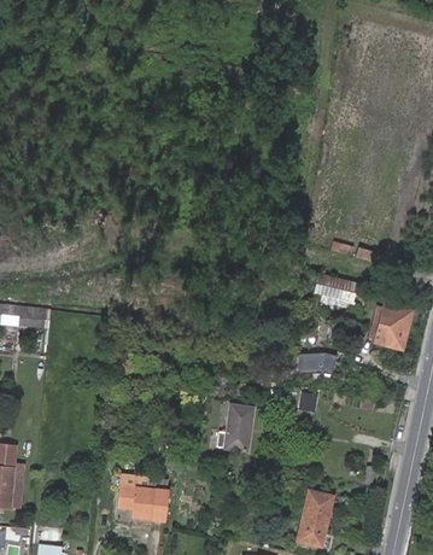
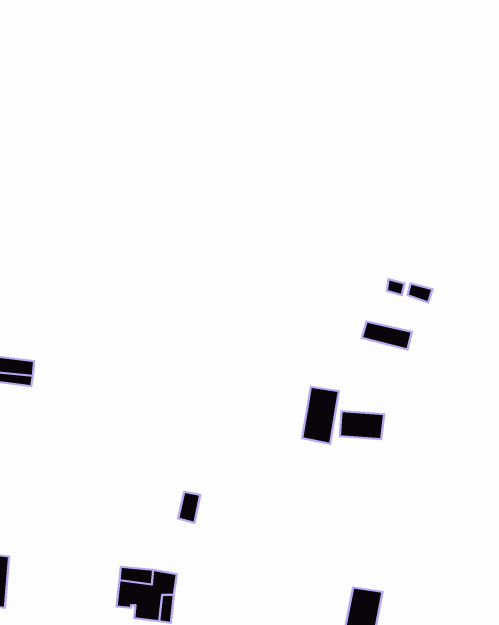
building: [379,304,412,347] -> none
building: [224,404,254,451] -> [302,387,339,444]

